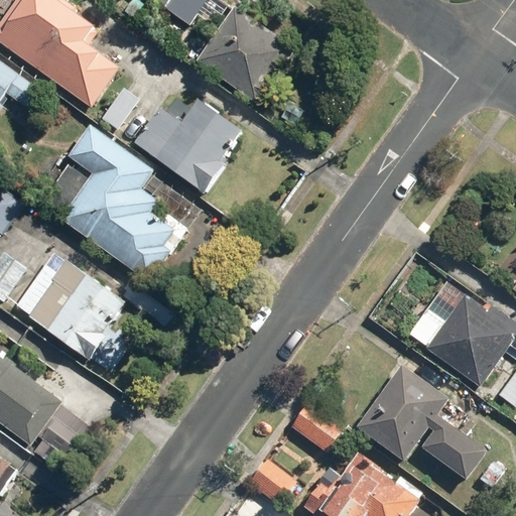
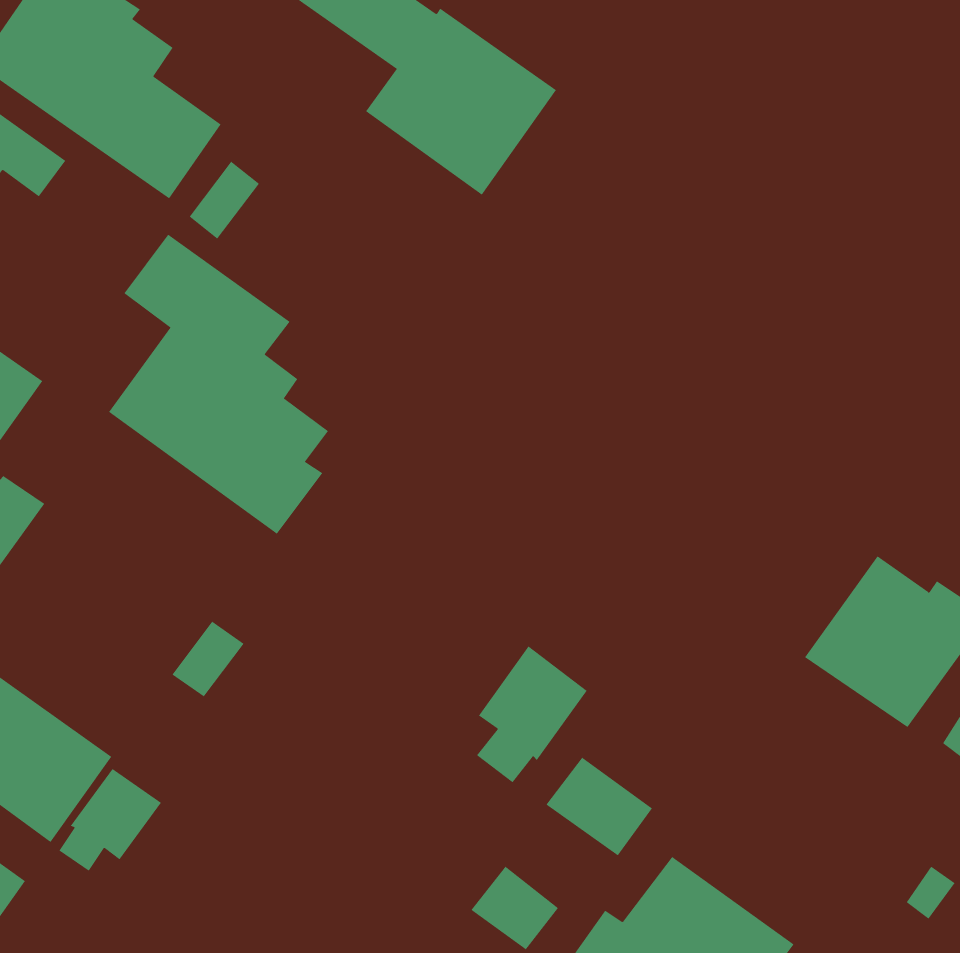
building: [134,98,242,191] -> none
building: [13,250,126,359] -> none
building: none -> [476,646,588,783]
building: [356,364,488,479] -> none

